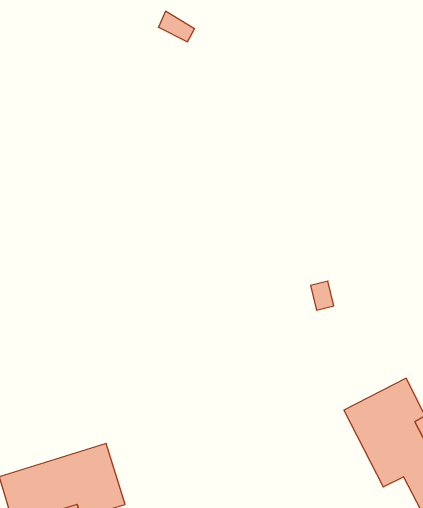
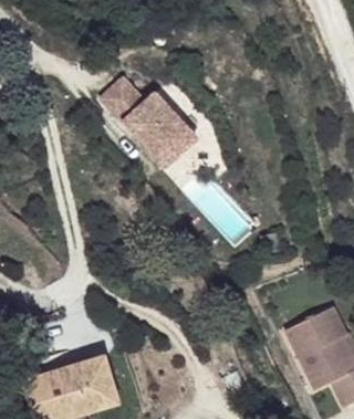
building: none -> [92,69,191,171]

